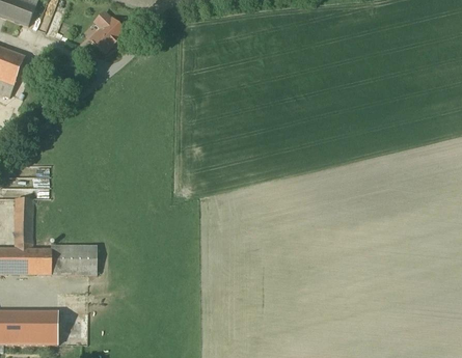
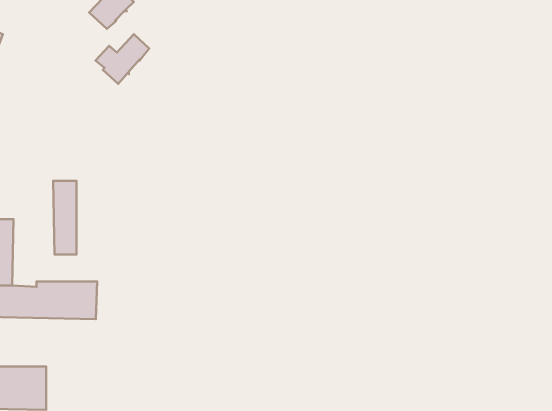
building: none -> [95,34,149,84]
building: none -> [53,181,76,255]

